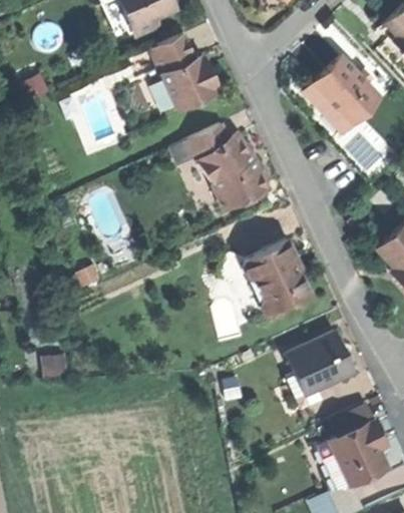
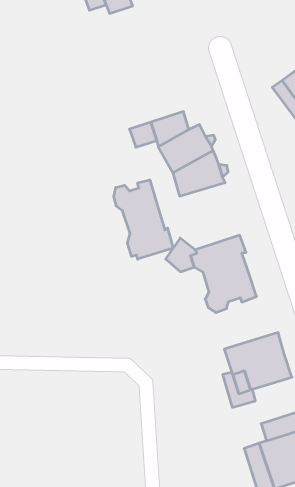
building: [152,34,219,110] -> none
building: none -> [114,180,173,259]

